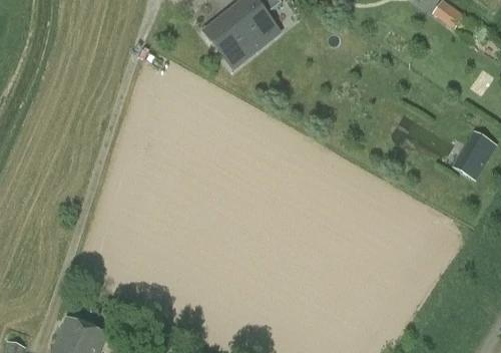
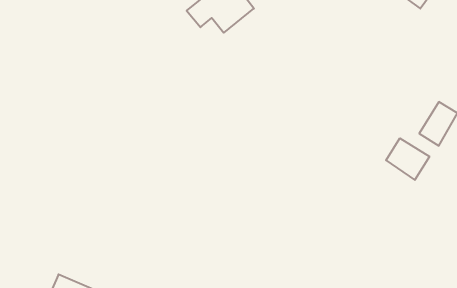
building: none -> [386,138,429,180]

